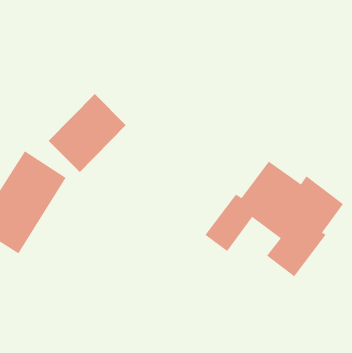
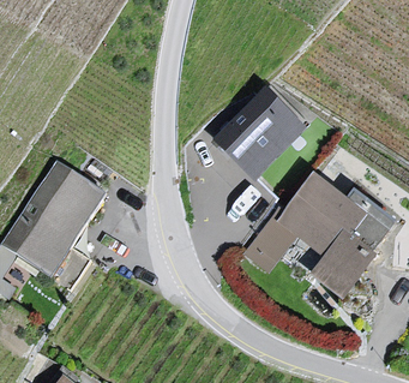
building: [48,93,127,173] -> [219,91,302,175]

